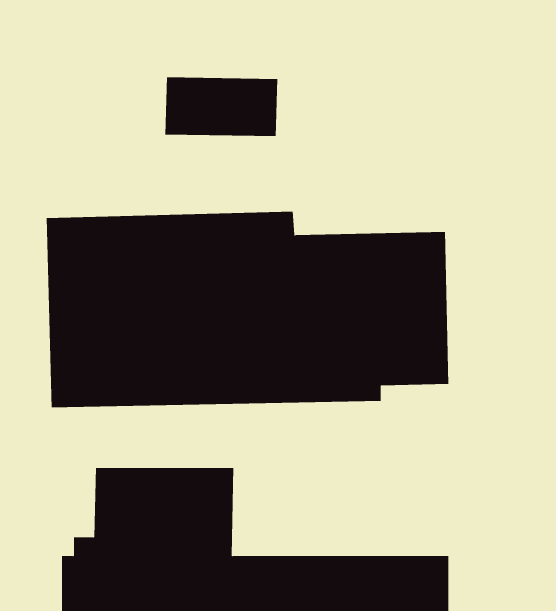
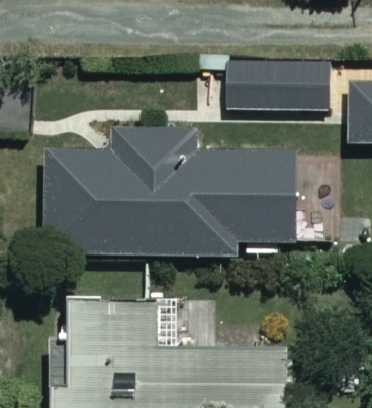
building: none -> [222,55,332,114]

